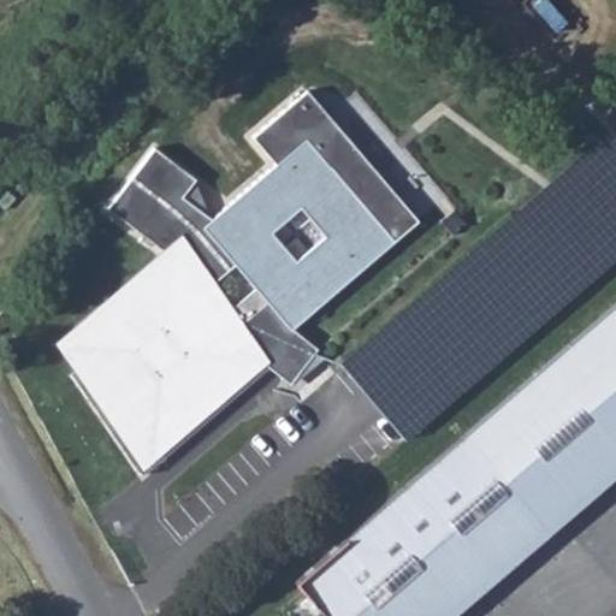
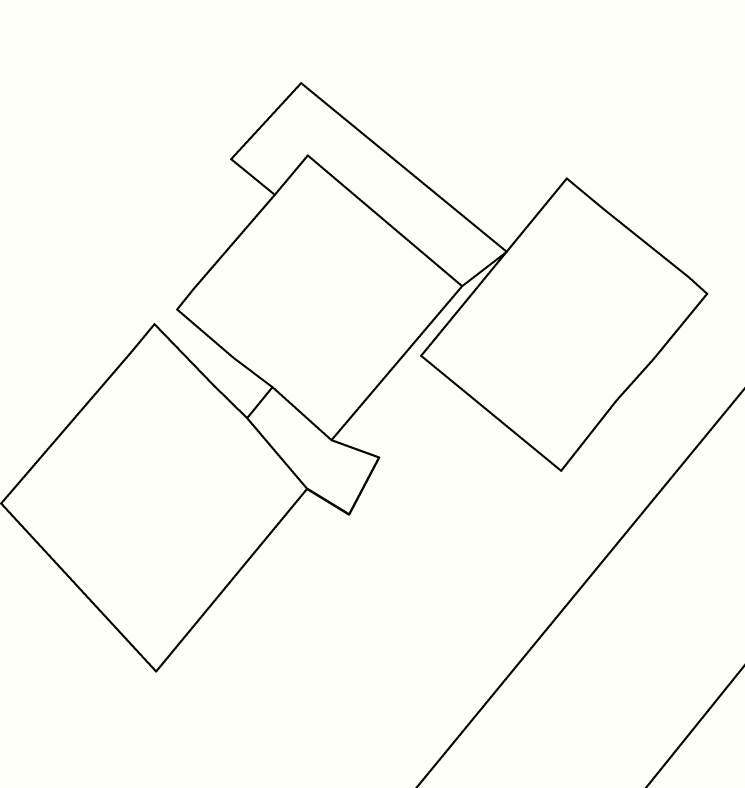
building: [108,146,232,285] -> none
building: none -> [421,179,707,471]

